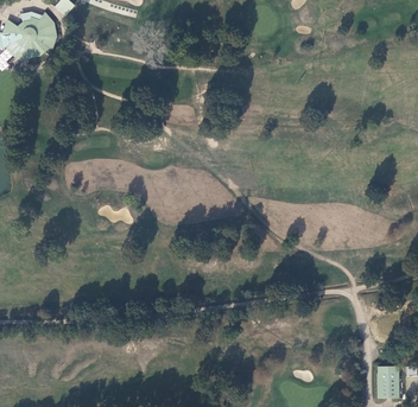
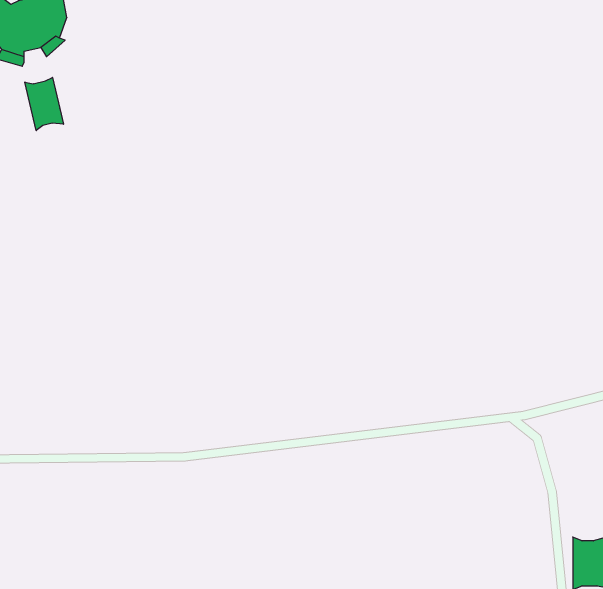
building: none -> [25,77,63,131]

